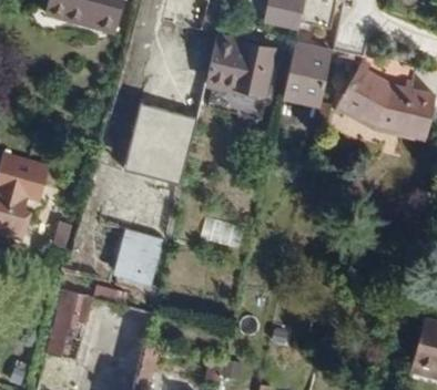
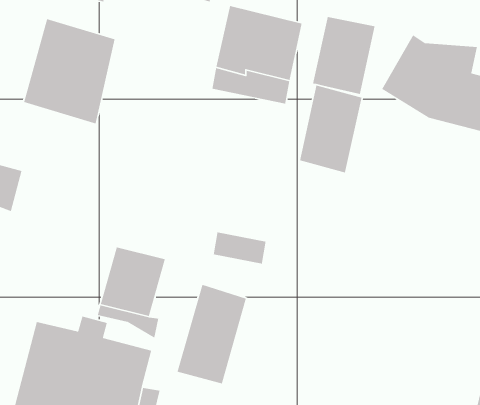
building: none -> [299,85,362,173]
building: [122,102,196,187] -> [23,18,115,124]
building: none -> [177,284,247,385]

